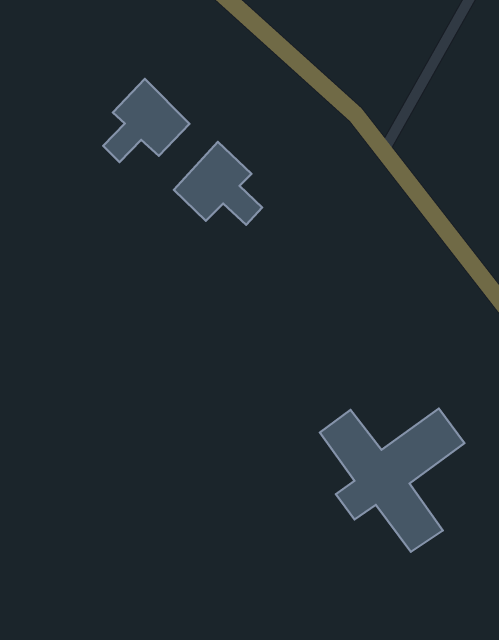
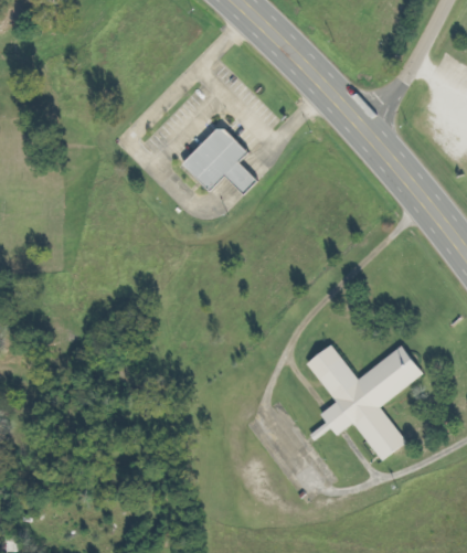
building: [103,79,189,162] -> none

